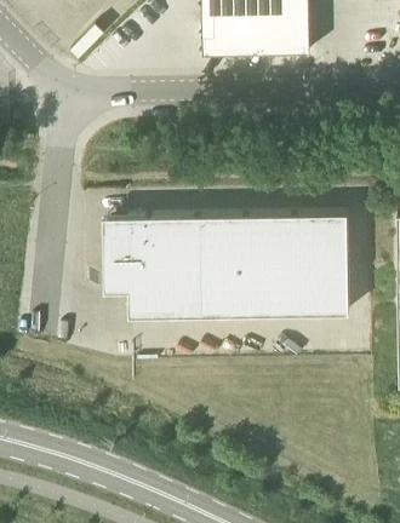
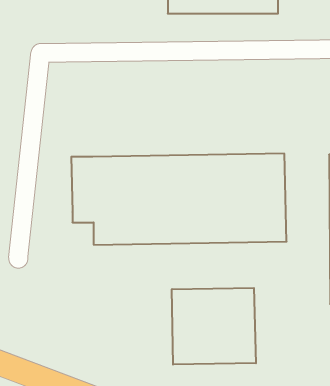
building: none -> [172,288,256,365]

